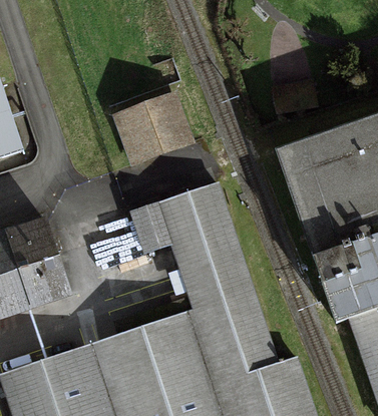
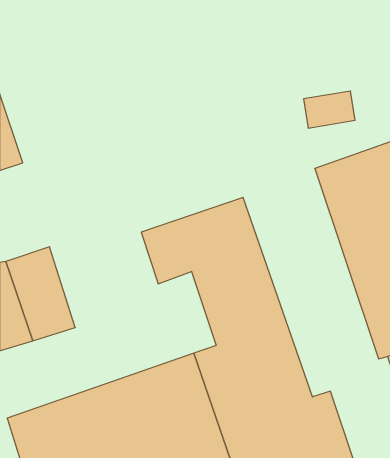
building: [114,93,191,162] -> none

